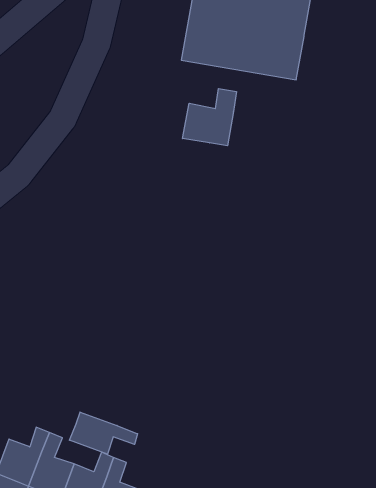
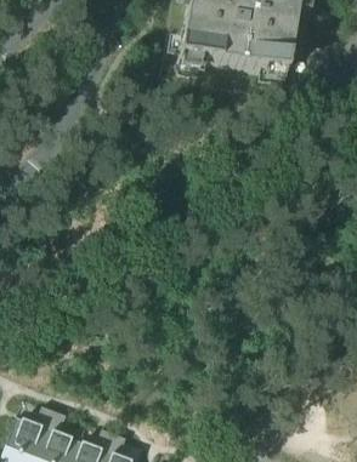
building: [183,89,236,146] -> none
building: [69,412,138,454] -> none

